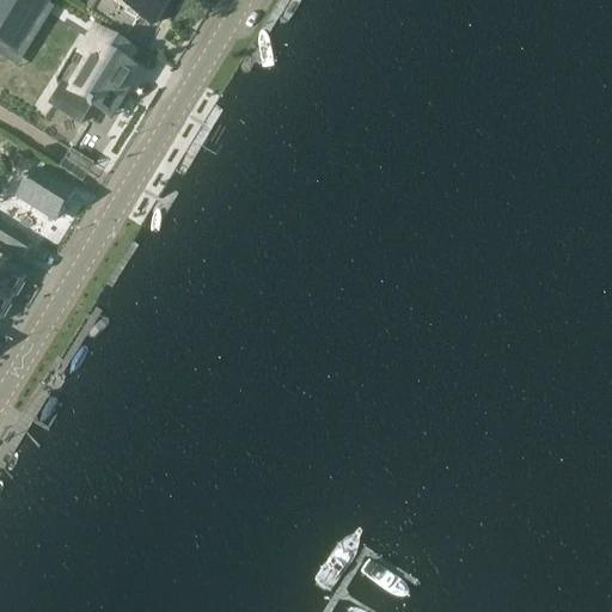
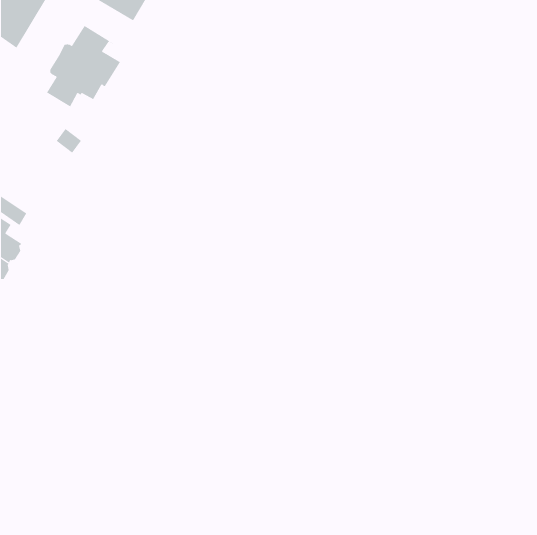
building: [16,167,71,220] -> none

